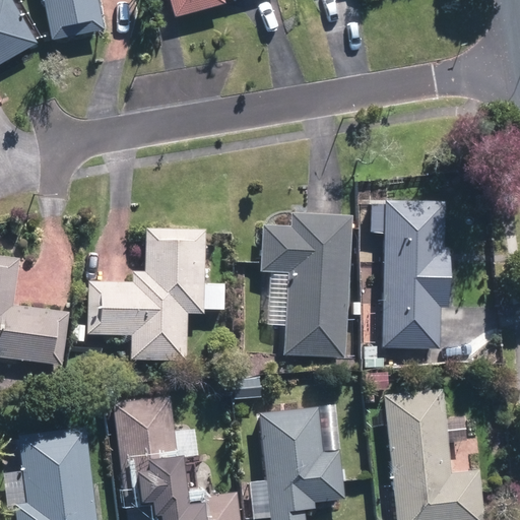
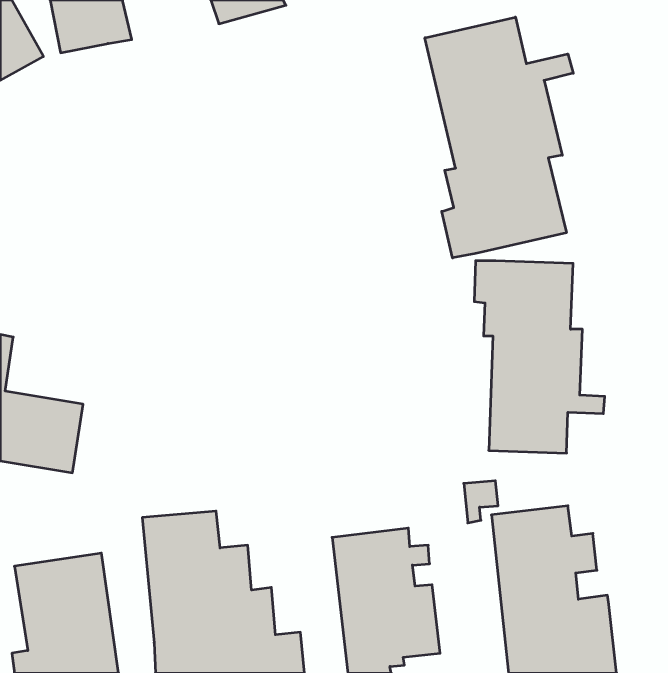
building: none -> [425,17,573,258]
building: [261,217,351,355] -> none
building: [68,228,224,360] -> none

